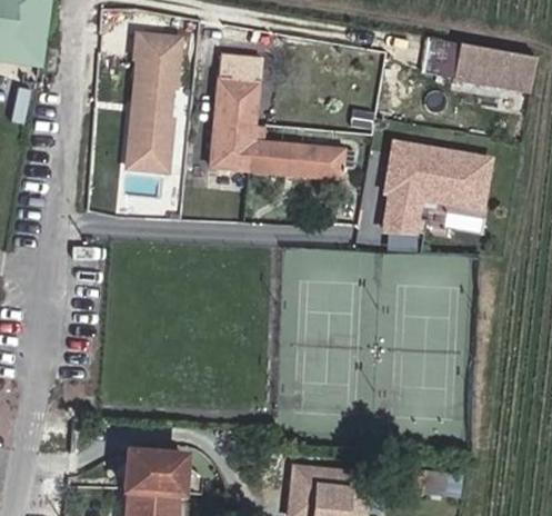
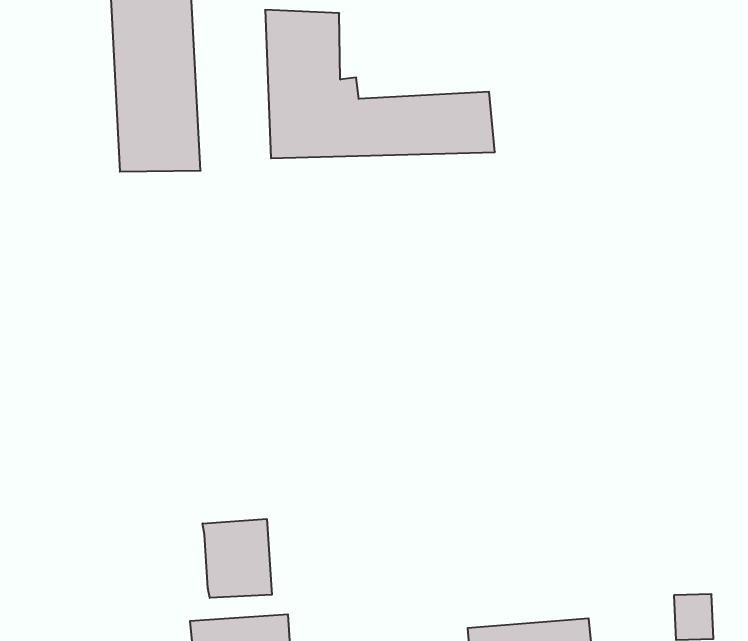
building: [375,133,489,234] -> none
building: none -> [203,519,272,598]

